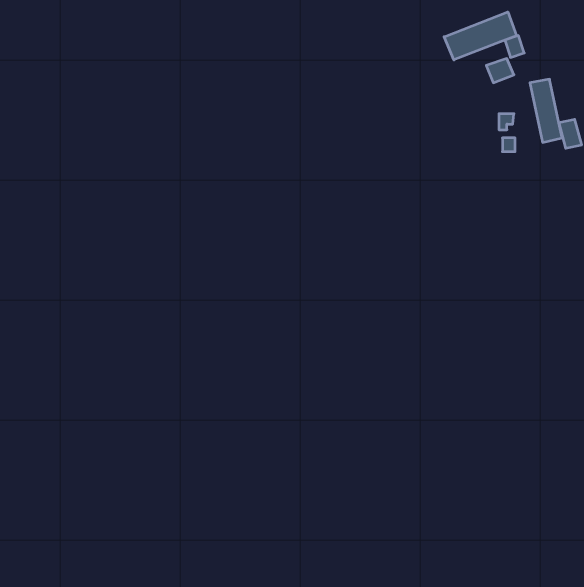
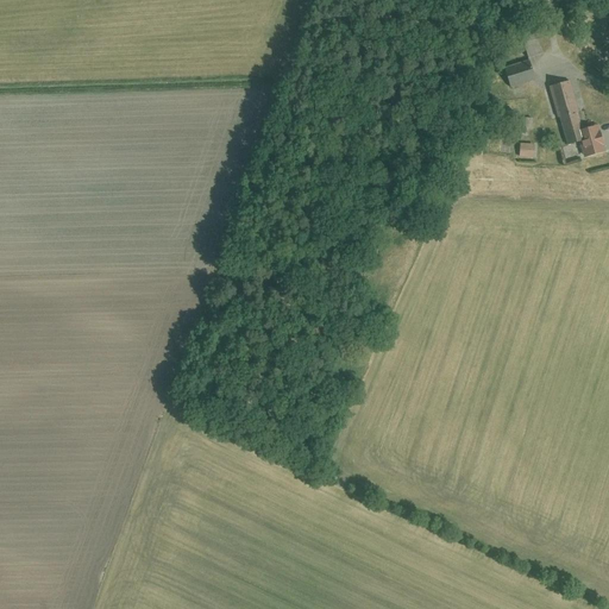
building: [444,12,516,60] -> none

